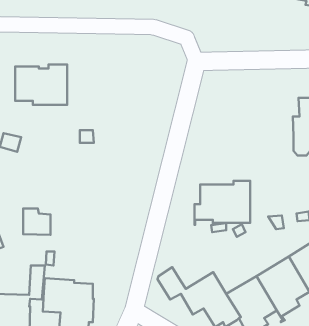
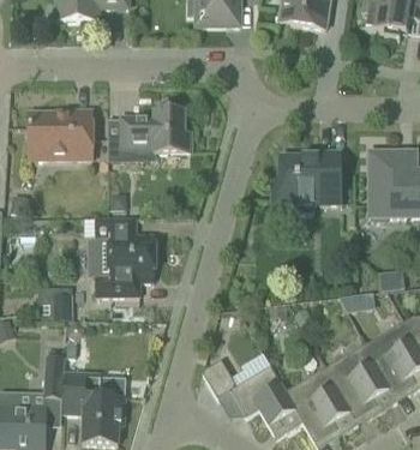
building: none -> [121,109,191,152]
building: none -> [88,217,154,296]
building: [194,181,250,225] -> [272,151,341,205]

